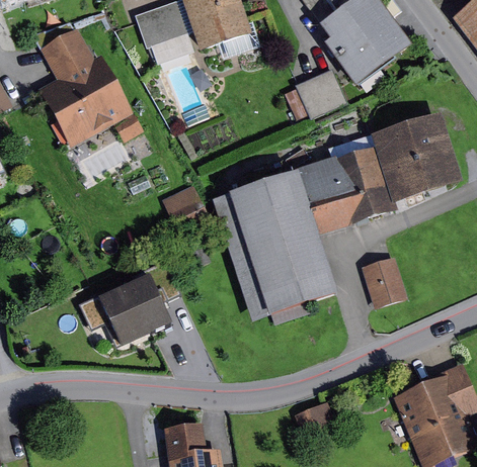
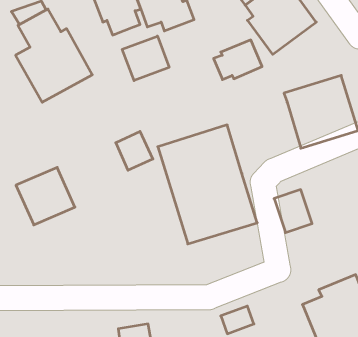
building: none -> [122,36,169,81]
building: [298,145,398,234] -> none
building: [97,274,171,346] -> [16,167,75,225]

